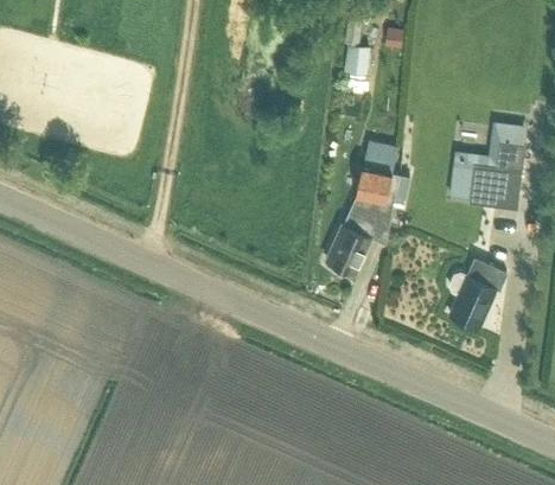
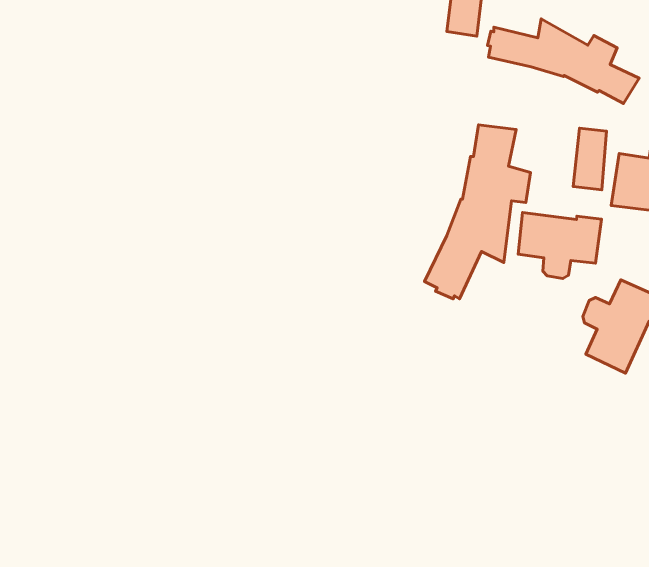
building: none -> [487,19,639,103]
building: none -> [518,213,601,279]

